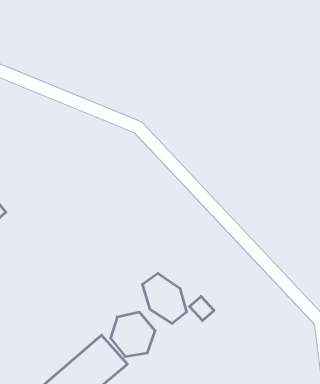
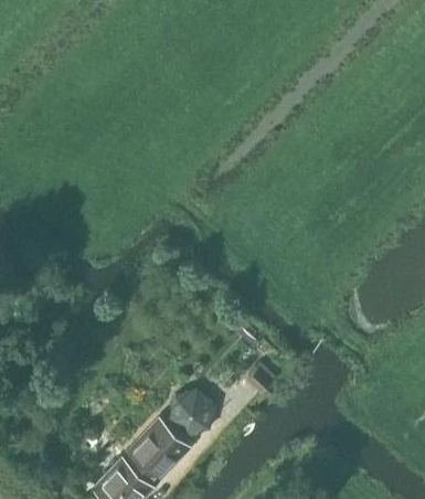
building: [143,273,187,323] -> none

